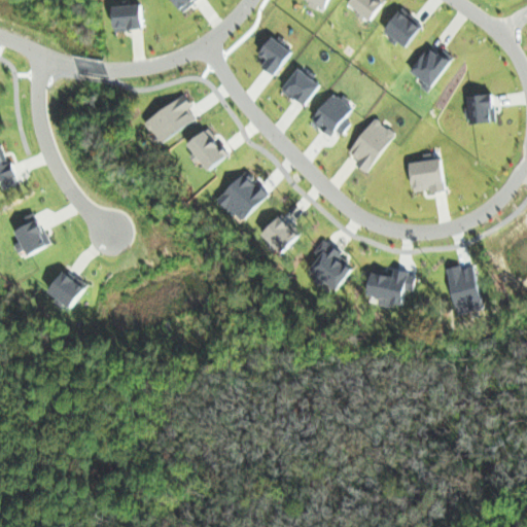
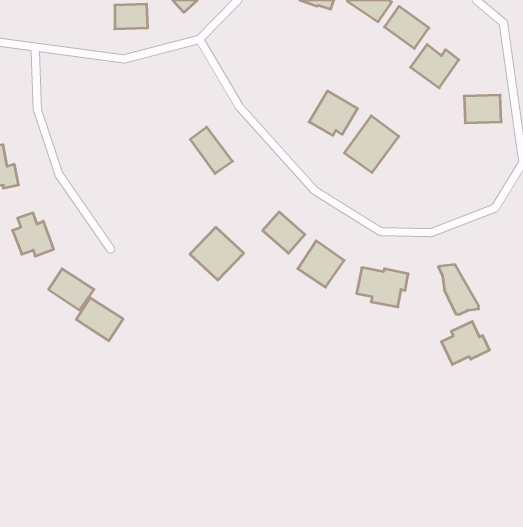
building: [252,34,295,77] -> none
building: [278,66,323,109] -> none
building: [146,97,198,145] -> none
building: [399,159,431,191] -> none
building: [217,171,271,223] -> [190,227,244,280]
building: none -> [76,298,123,341]
building: none -> [441,321,489,365]

